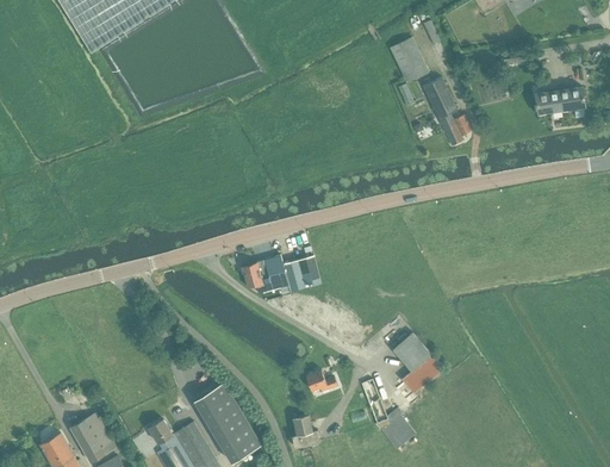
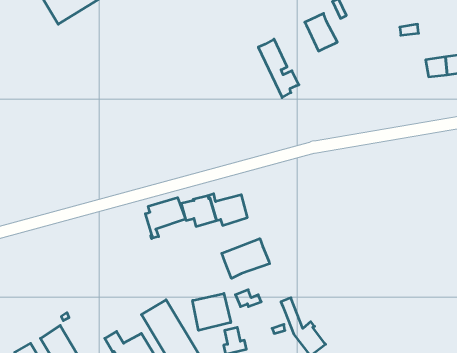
building: [422,75,471,145] -> [258,39,299,98]
building: none -> [145,198,186,239]
building: none -> [222,239,270,278]
building: [391,331,442,393] -> none
building: none -> [193,293,231,330]

